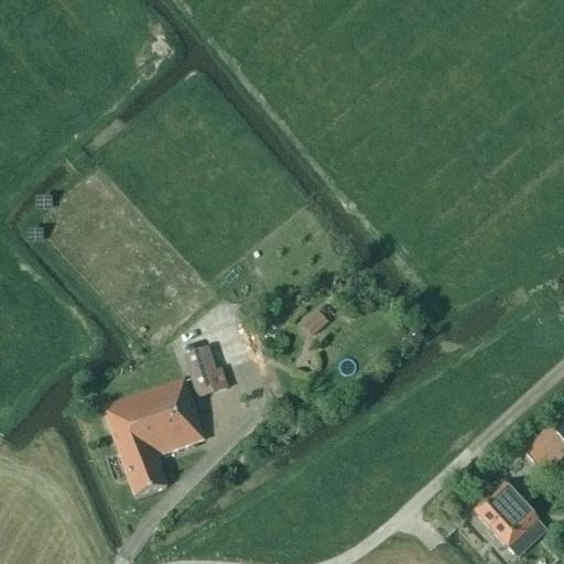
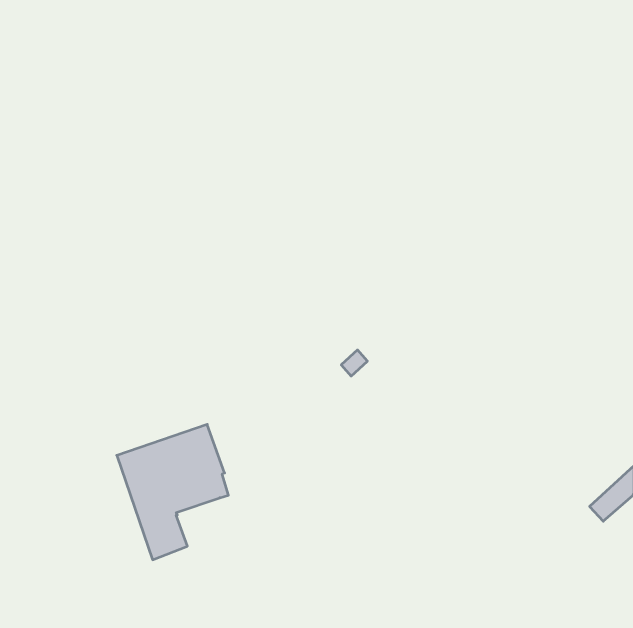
building: [185,347,227,397] -> none
building: [476,481,539,545] -> none

